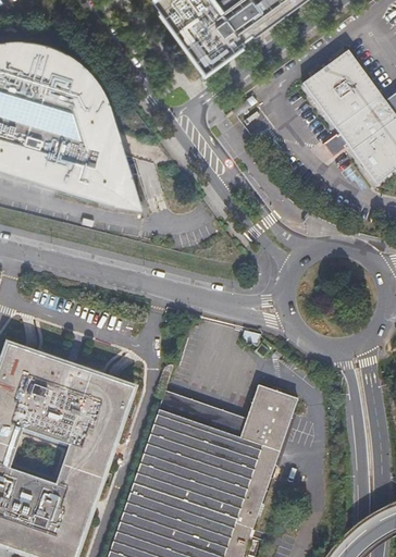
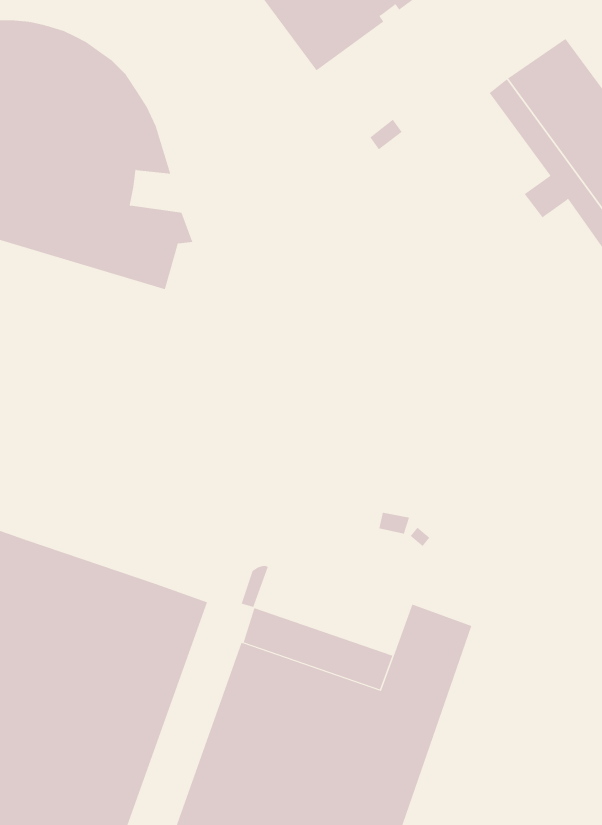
building: [92,129,123,154] -> none
building: [113,172,143,209] -> none

